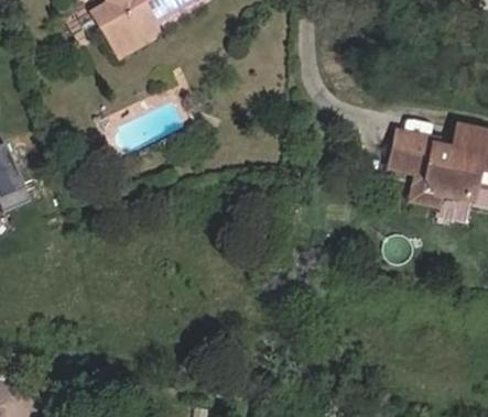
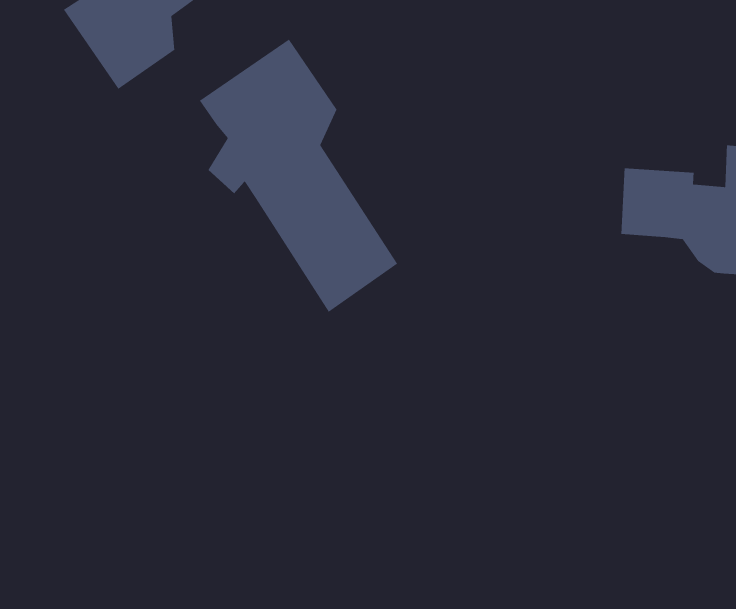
building: none -> [199,38,398,313]

